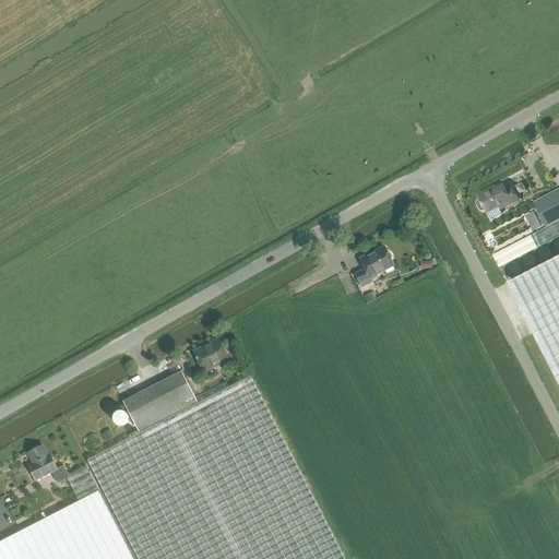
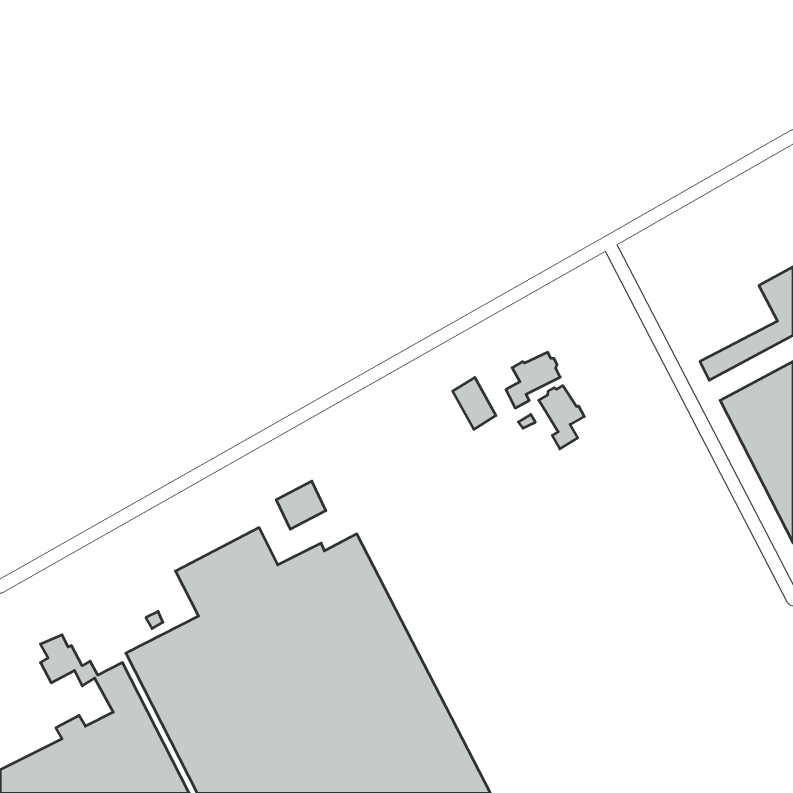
building: [477,183,518,218] -> none
building: none -> [453,377,496,429]
building: none -> [539,386,584,449]

